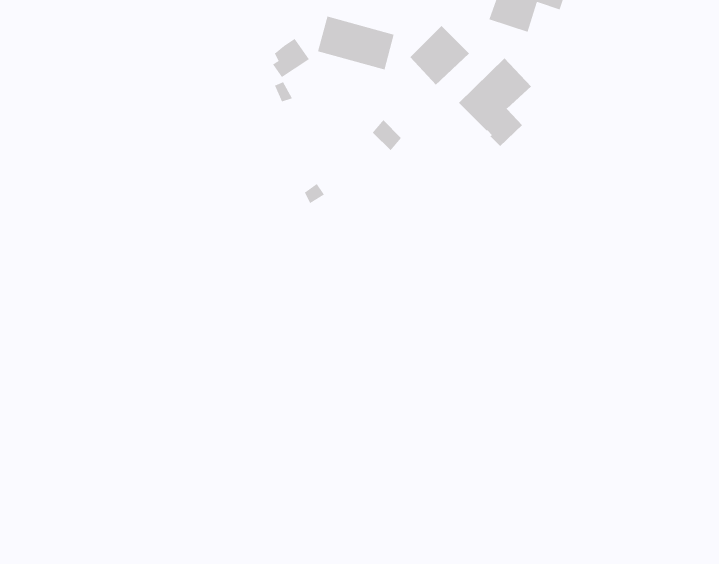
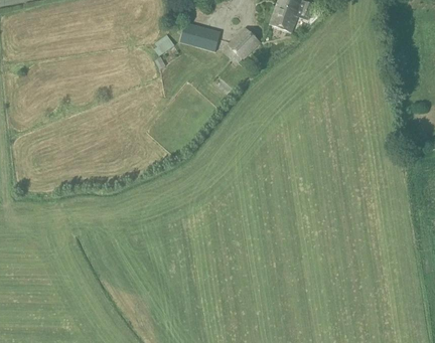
building: [458,58,532,147] -> none

